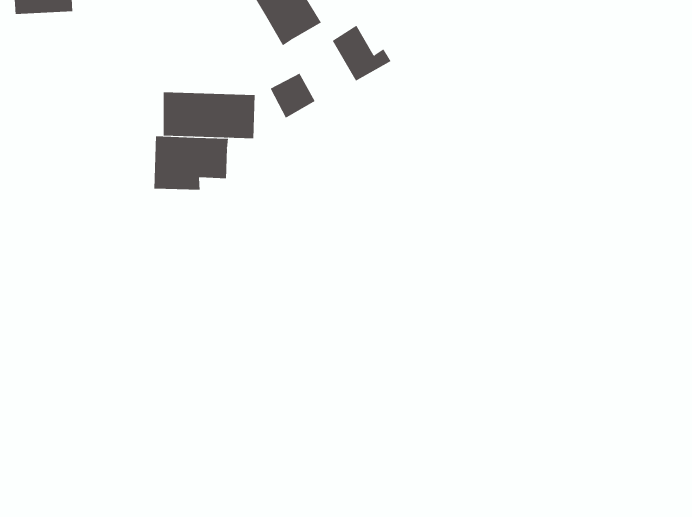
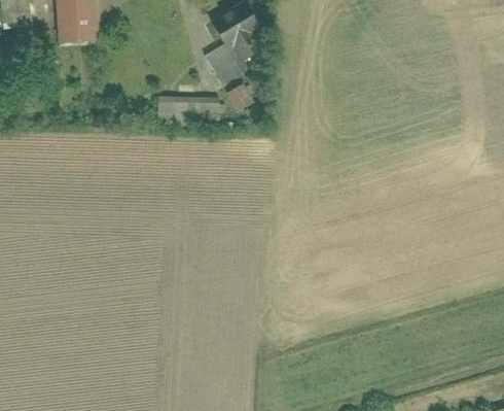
building: [332,25,392,82] -> [207,45,246,82]
building: [154,136,228,190] -> none

